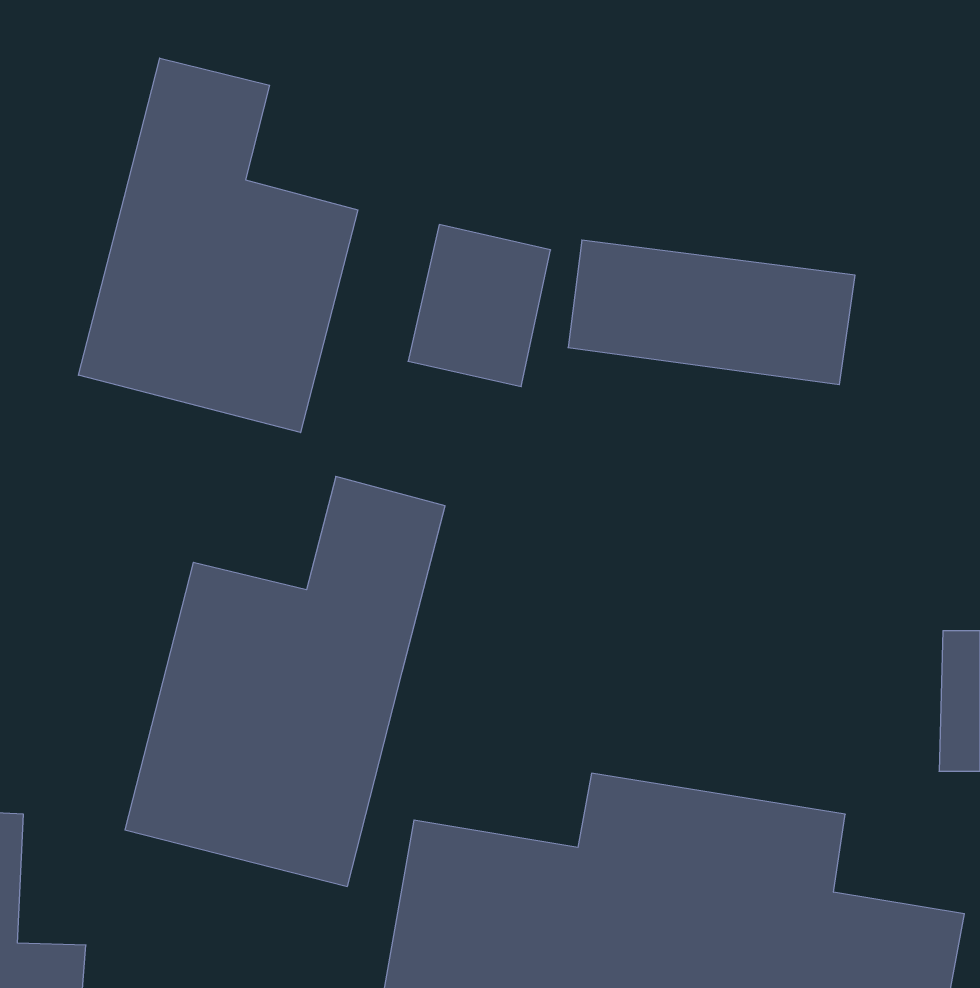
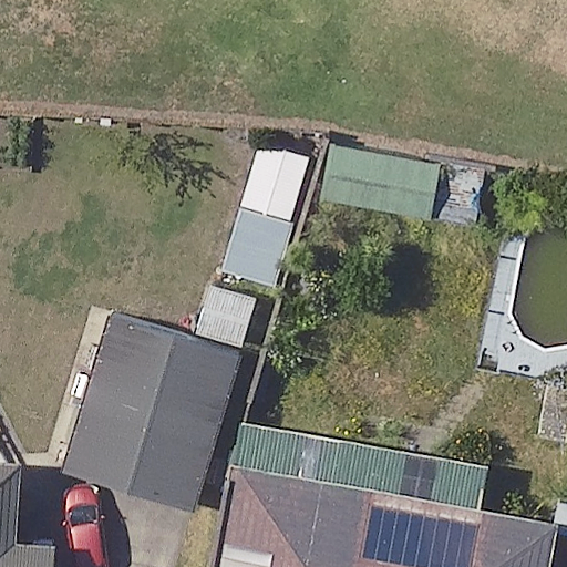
building: [78,58,358,433] -> none

